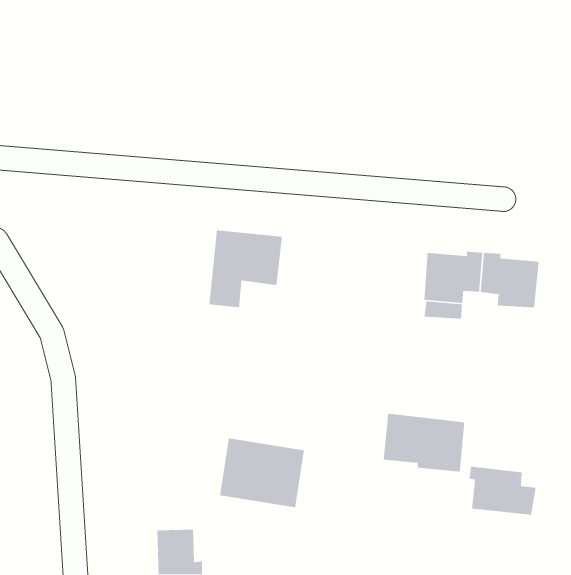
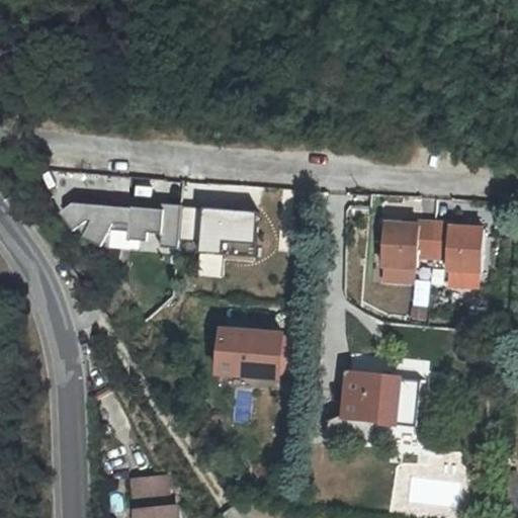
building: none -> [53,195,178,248]
building: [219,437,305,508] -> [199,322,276,385]
building: [469,466,536,516] -> none

